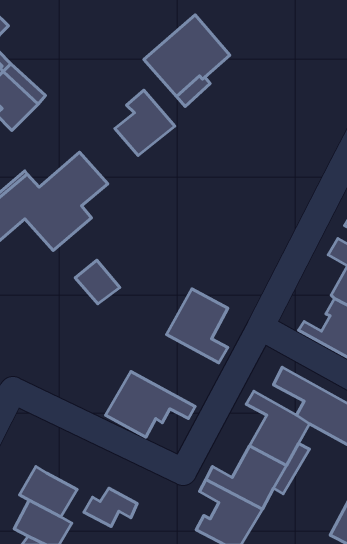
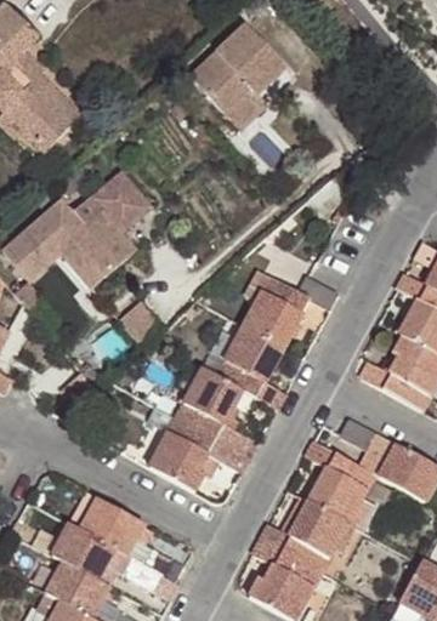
building: [115,90,175,155] -> none
building: none -> [243,277,335,349]
building: none -> [175,371,255,458]
building: none -> [81,500,143,556]

